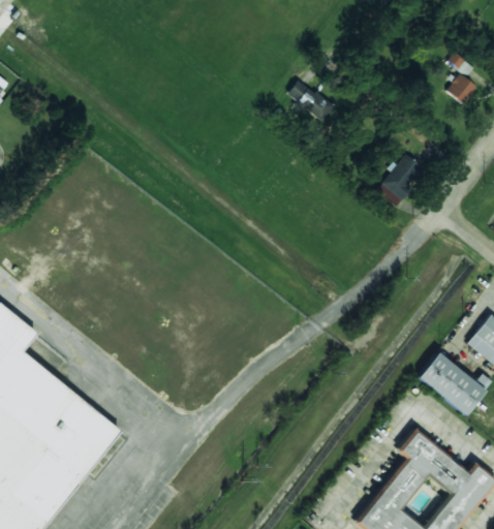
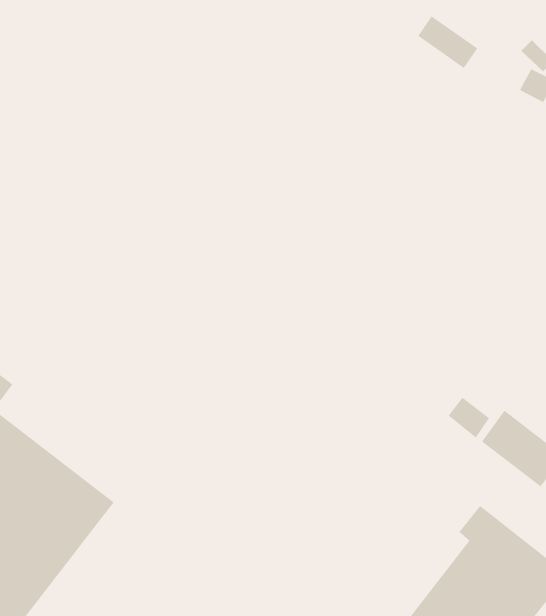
building: [287,80,337,123] -> [417,16,478,69]
building: [382,153,426,199] -> none
building: none -> [448,397,490,438]

